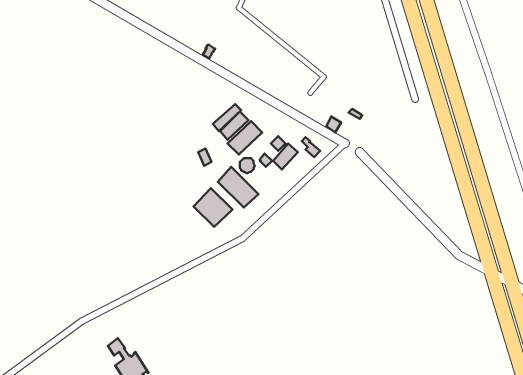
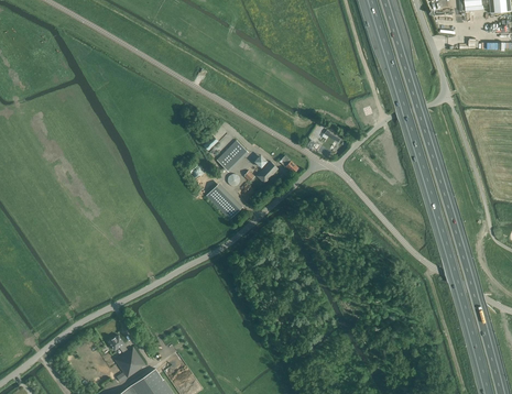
building: [193,188,232,227] -> none

